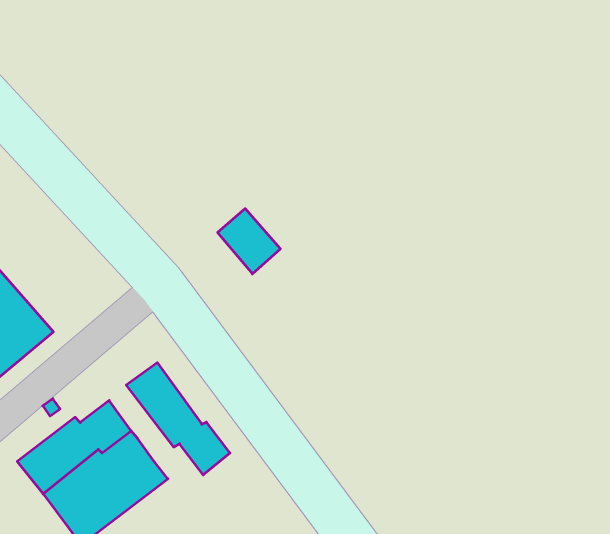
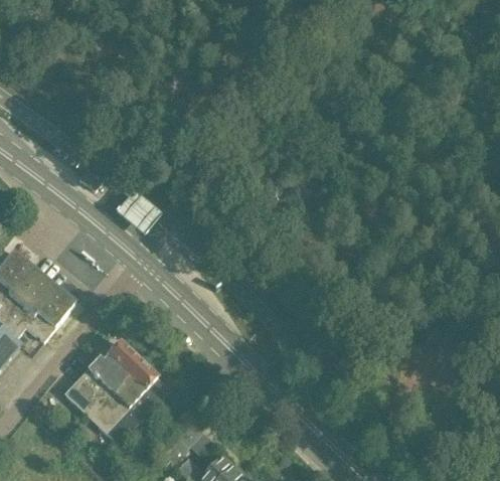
building: [218,209,280,274] -> [112,187,156,230]
building: [126,363,230,475] -> none

